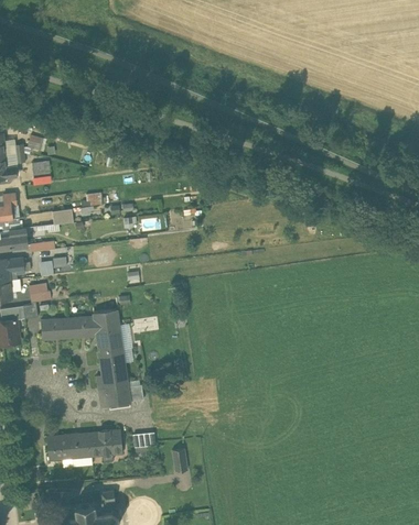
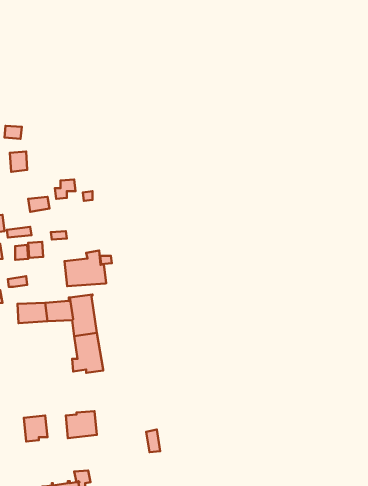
building: none -> [64,250,106,286]
building: [98,386,131,407] -> none
building: [69,433,93,466] -> none

